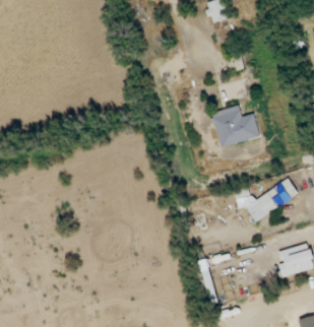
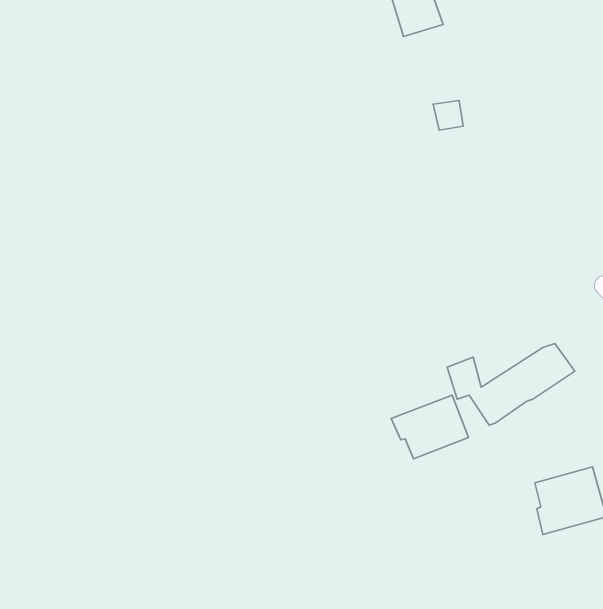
building: [211,106,259,146] -> none
building: none -> [391,395,469,459]

